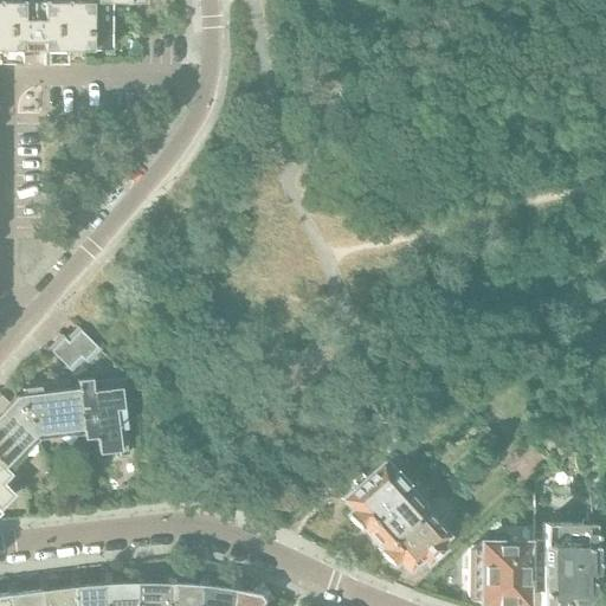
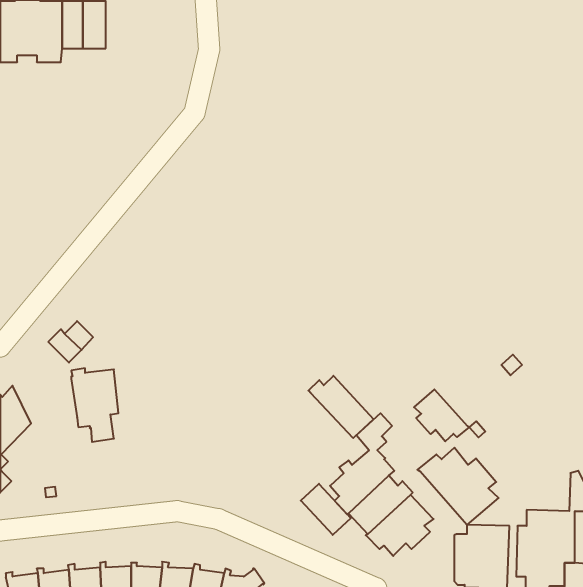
building: [18,382,84,437] -> none
building: none -> [308,376,374,438]
building: none -> [414,389,469,441]
building: none -> [417,448,499,525]
building: none -> [301,484,351,535]

